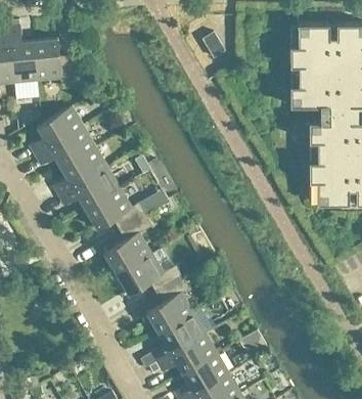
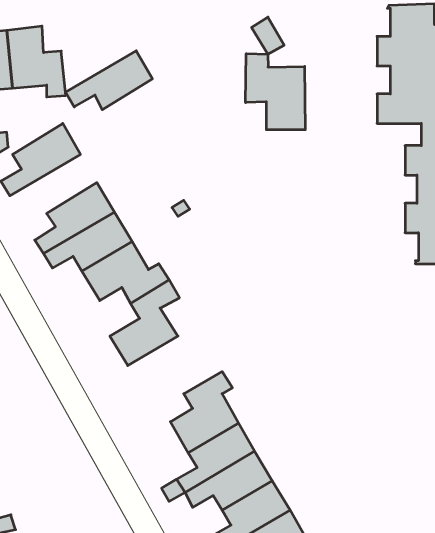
building: none -> [246,54,305,130]
building: [35,127,95,168] -> [65,51,152,110]
building: [117,253,182,295] -> none

